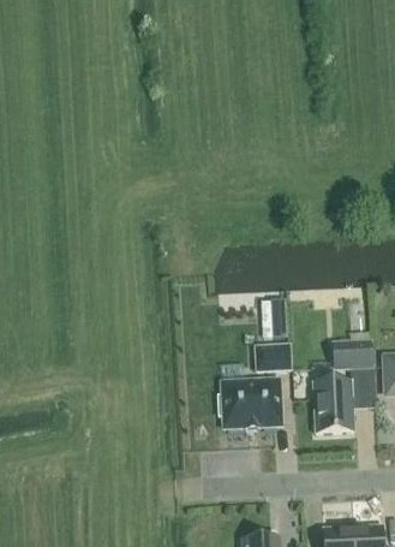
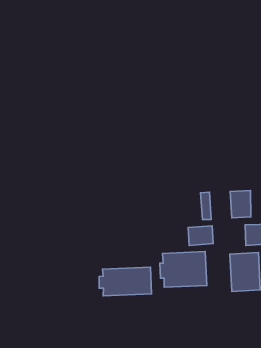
building: none -> [230,190,251,218]
building: none -> [99,267,151,296]

